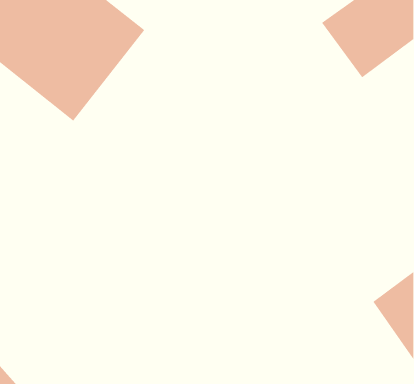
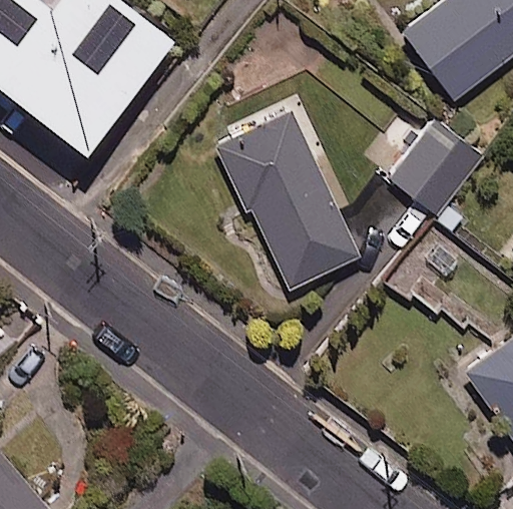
building: none -> [220,113,362,291]
building: none -> [385,129,471,217]

